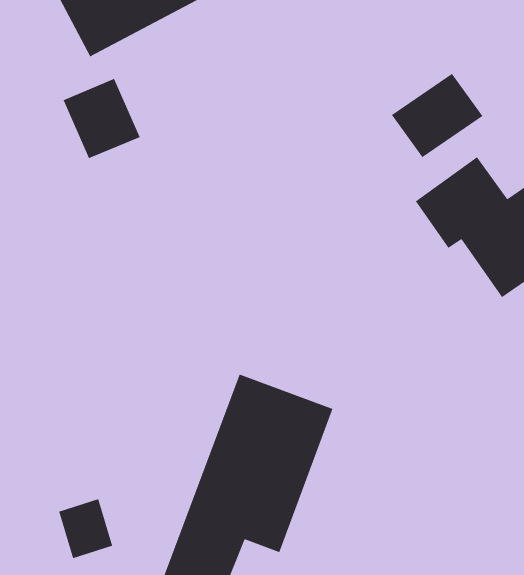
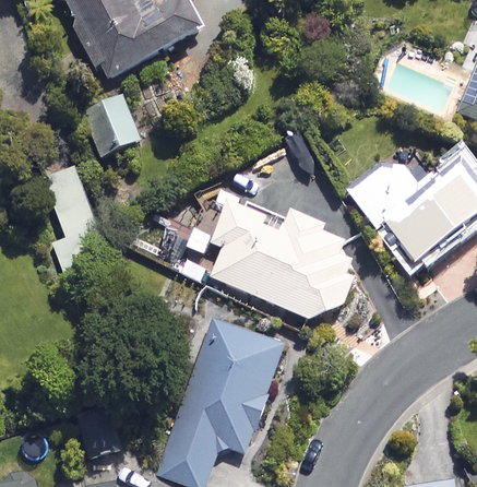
building: [391,73,484,158] -> none
building: none -> [47,168,106,270]
building: none -> [211,201,353,317]

